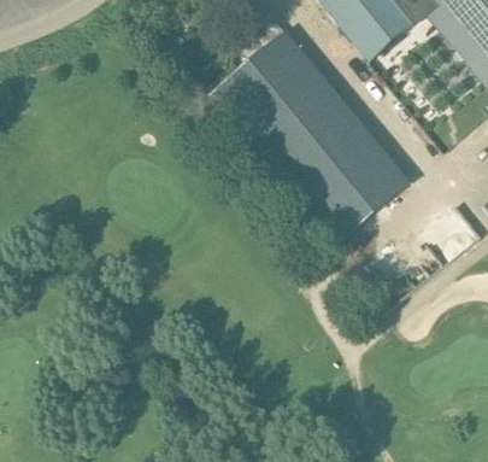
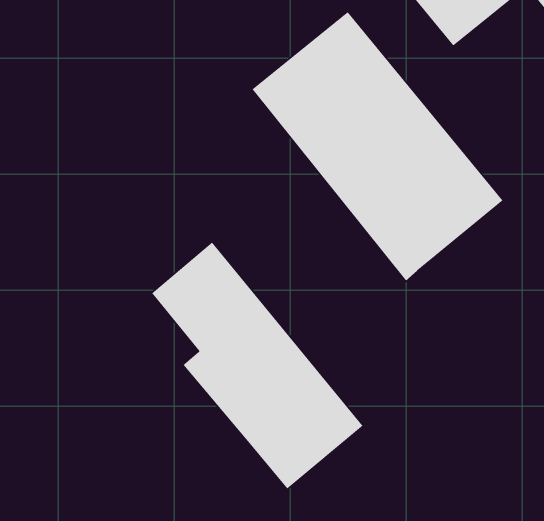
building: none -> [151,242,364,489]

